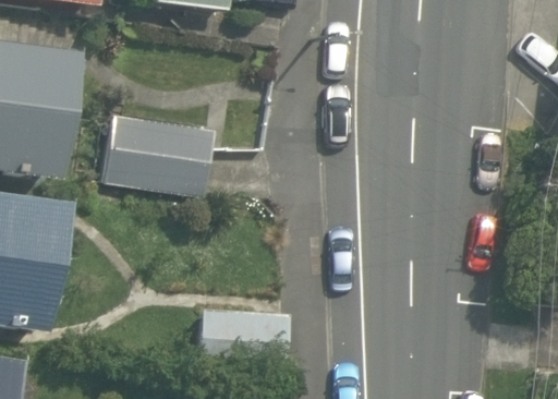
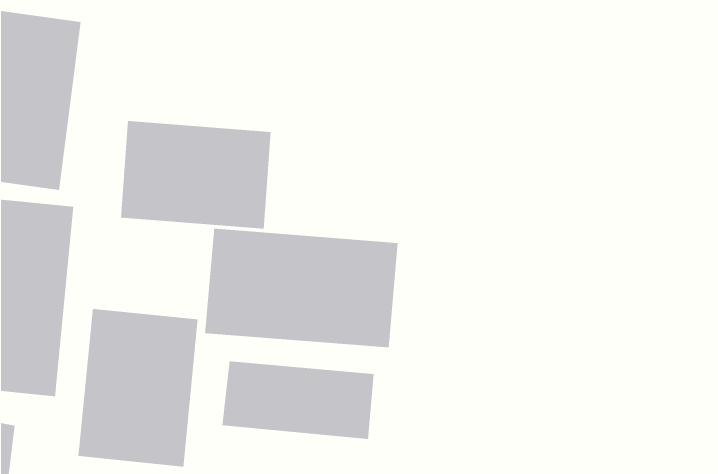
building: none -> [205,228,398,348]
building: none -> [78,308,198,467]

